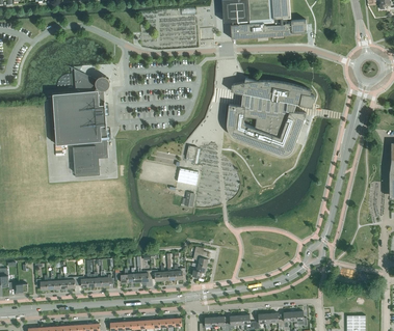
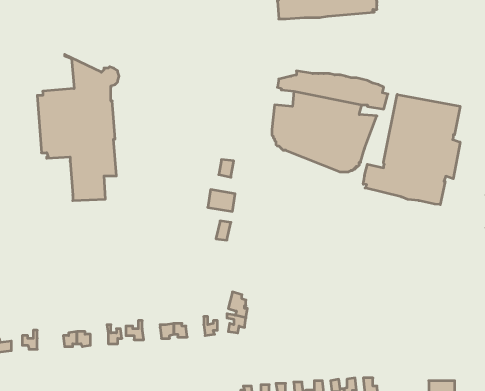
building: none -> [363,94,460,205]

